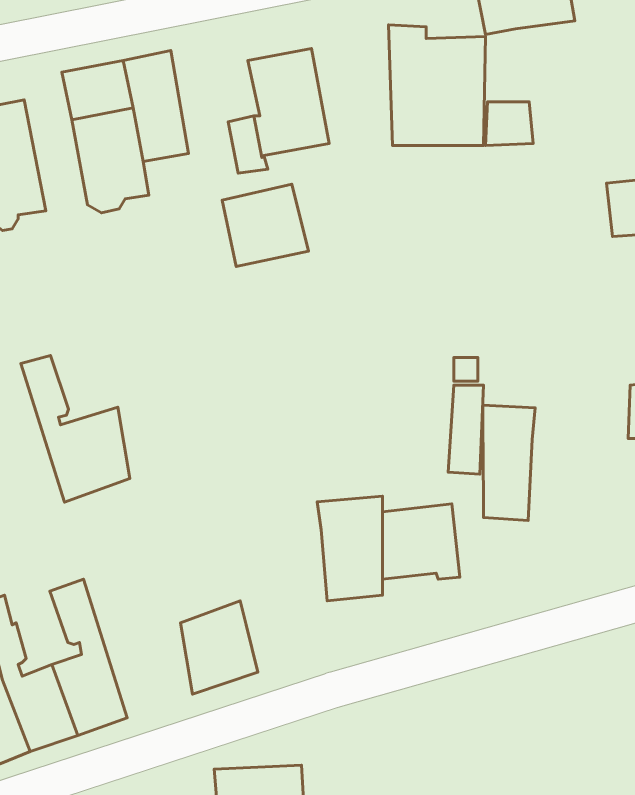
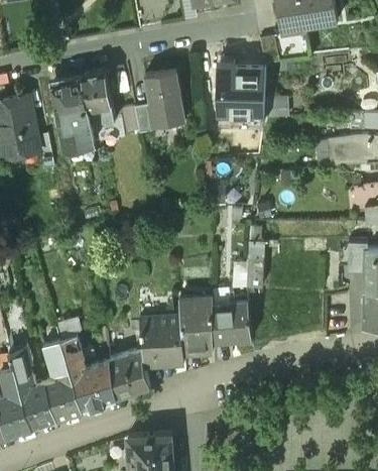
building: [222,184,308,266] -> none
building: [21,356,130,502] -> [60,336,116,410]
building: [483,405,535,521] -> none
building: none -> [139,315,185,363]

